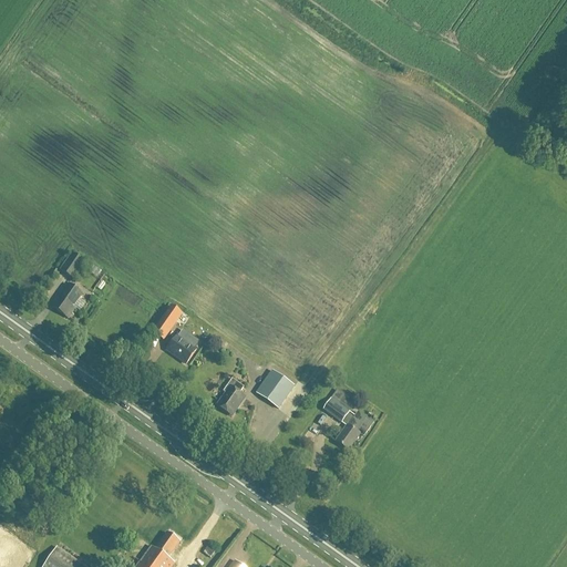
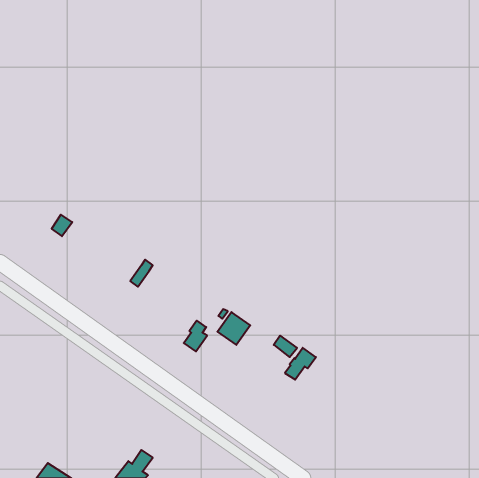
building: [53,284,82,318] -> none
building: [167,331,197,363] -> none

